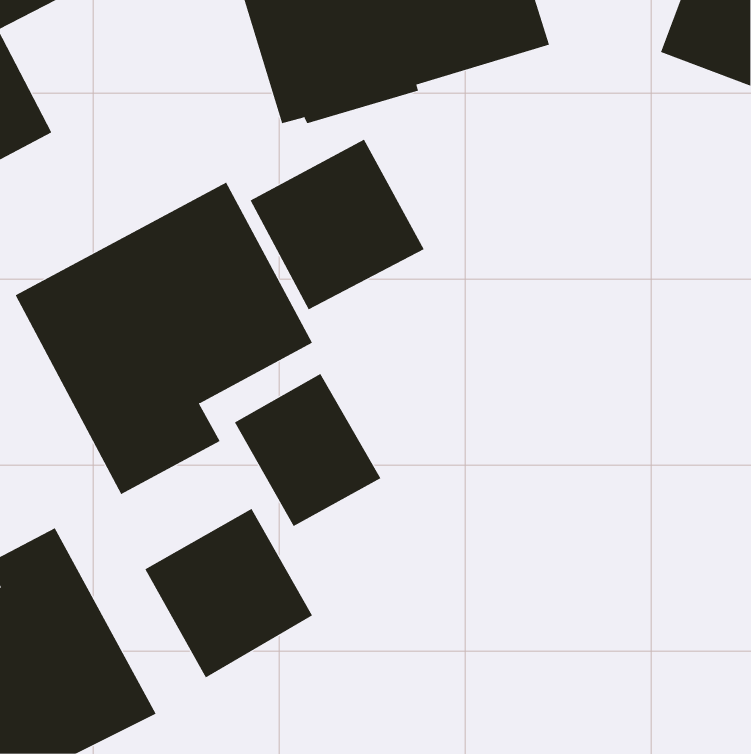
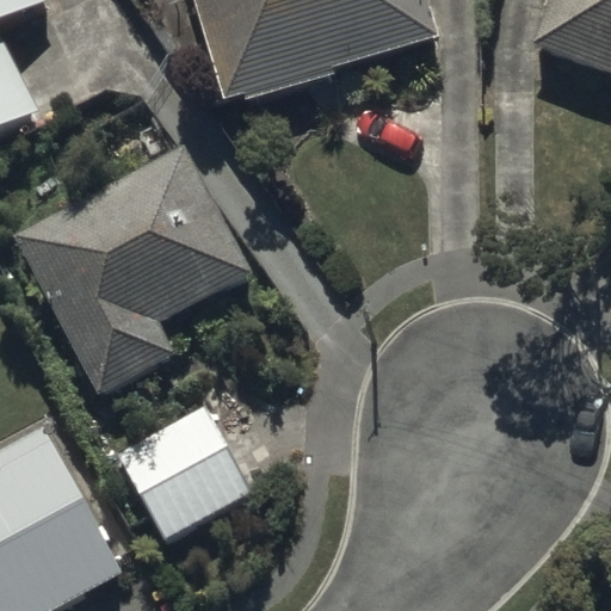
building: [250,139,424,310] -> none
building: [234,373,381,527] -> none

